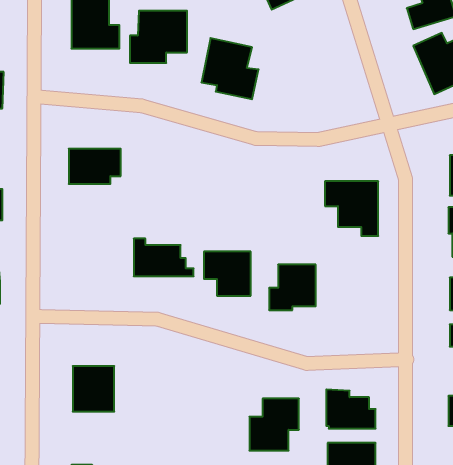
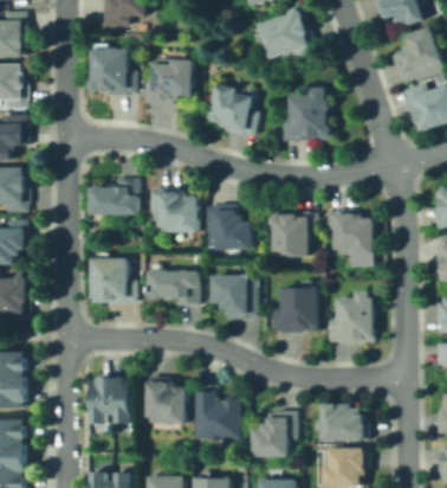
building: none -> [281,94,328,139]
building: none -> [149,188,196,231]
building: none -> [202,205,247,249]
building: none -> [271,214,315,262]
building: none -> [91,256,132,301]
building: none -> [326,293,369,341]
building: none -> [150,377,187,425]
building: none -> [194,391,240,436]

